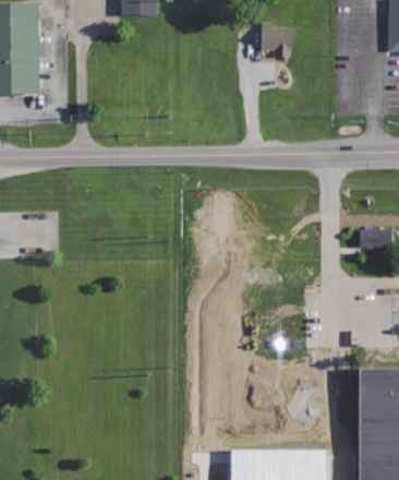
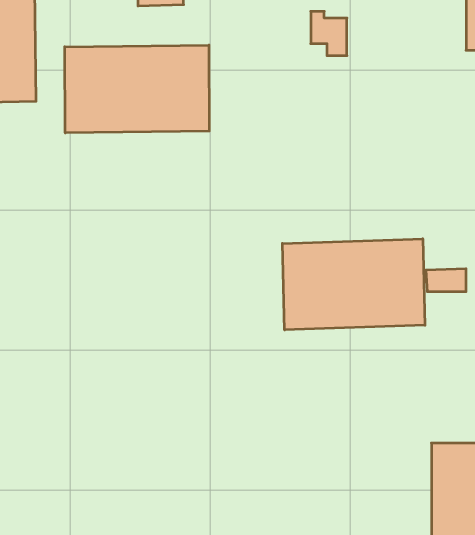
building: none -> [65,45,209,133]
building: none -> [282,239,425,330]

